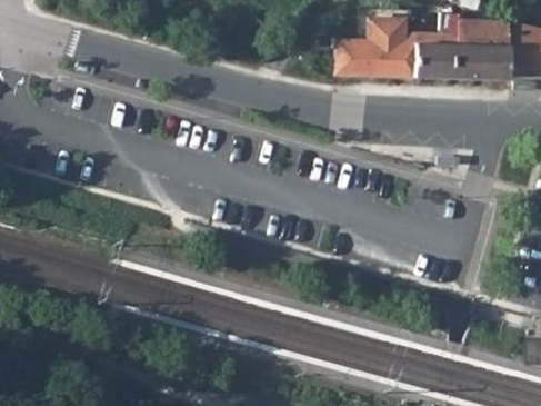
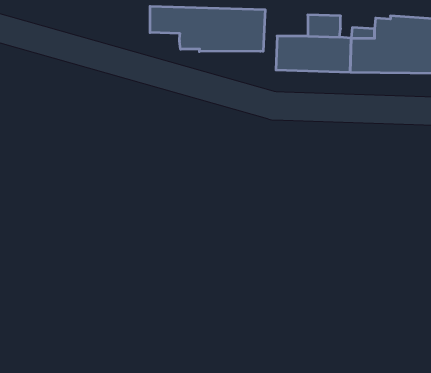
building: none -> [150,6,265,52]

